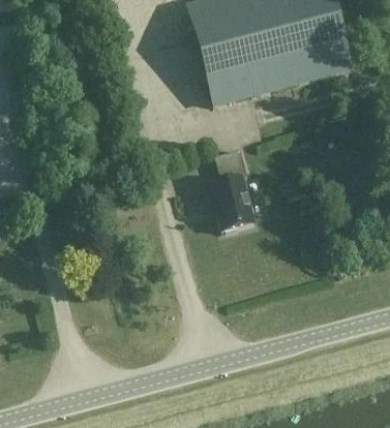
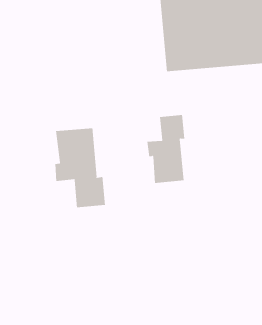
building: none -> [55,127,105,208]

